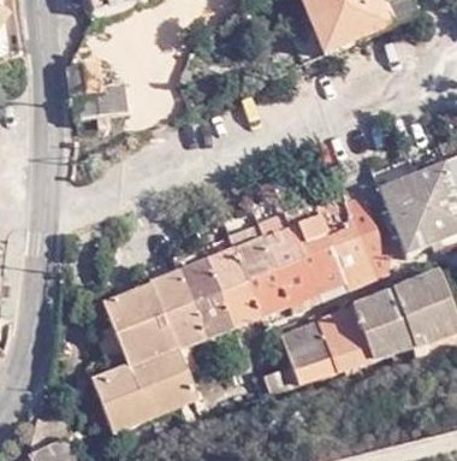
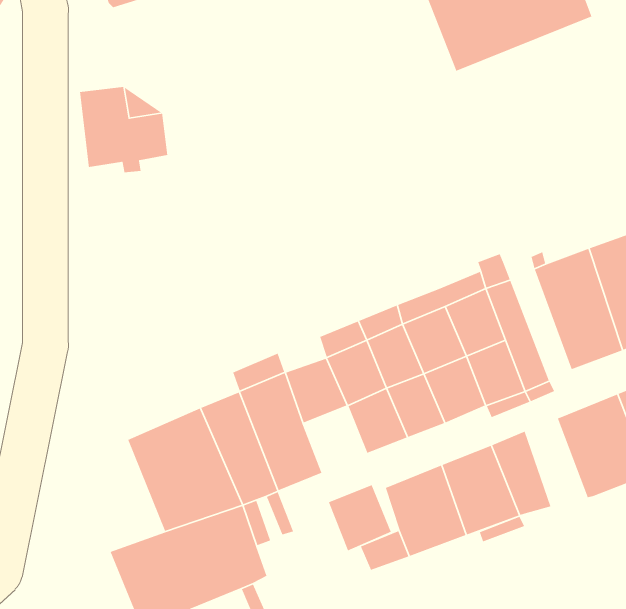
building: [220,280,263,326] -> [328,484,392,552]
building: [370,289,413,349] -> none

